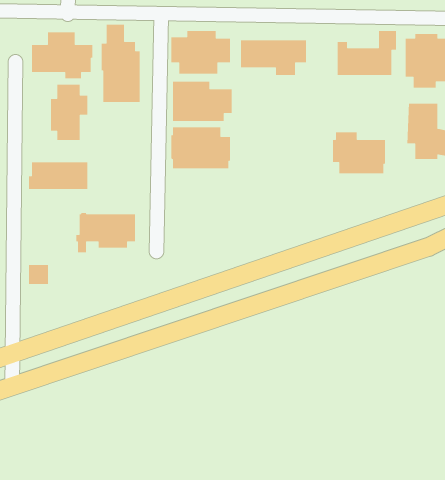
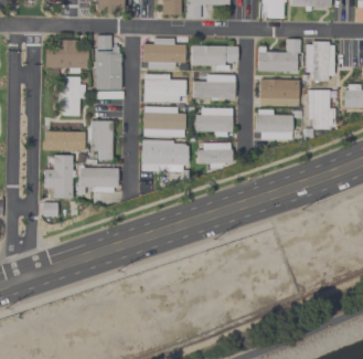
building: none -> [193,75,234,99]
building: none -> [259,80,298,106]
building: none -> [195,107,232,136]
building: none -> [90,120,113,160]
building: none -> [141,139,188,171]
building: none -> [197,142,231,167]
building: none -> [44,155,73,198]

